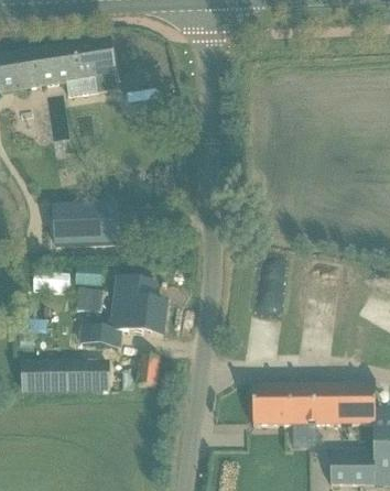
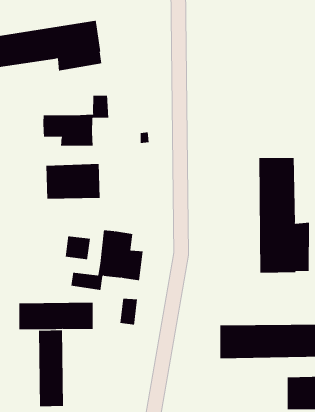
building: none -> [43,95,109,147]
building: none -> [259,157,309,273]
building: none -> [39,329,64,407]

